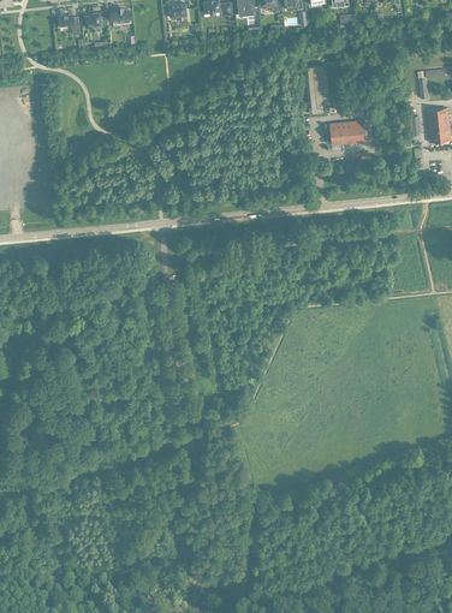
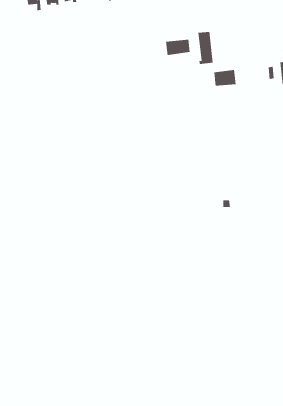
building: none -> [166,39,190,56]

